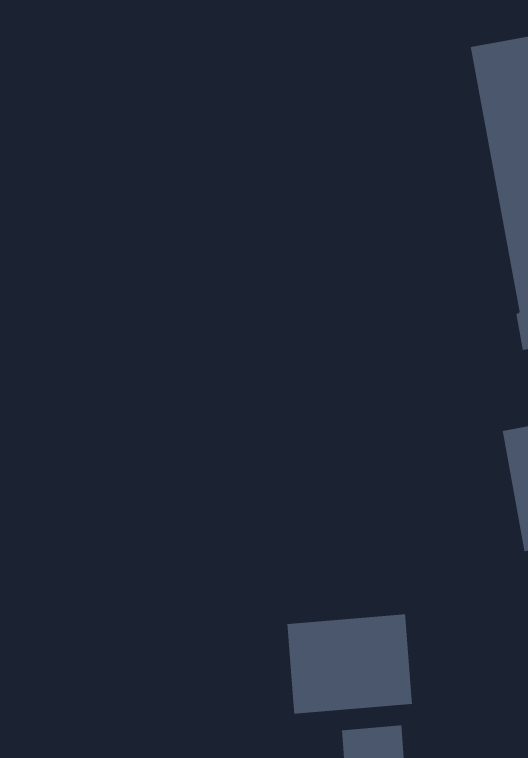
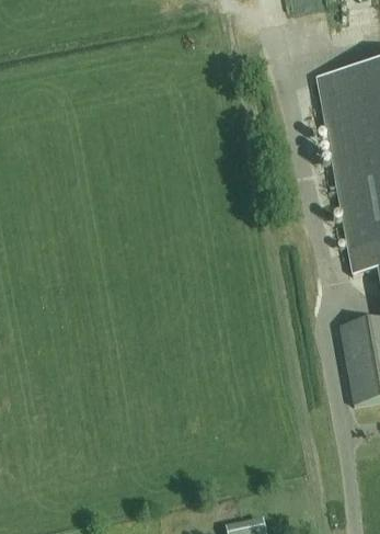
building: [286,613,413,714] -> none

